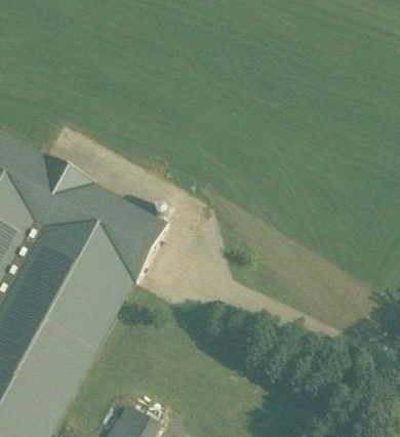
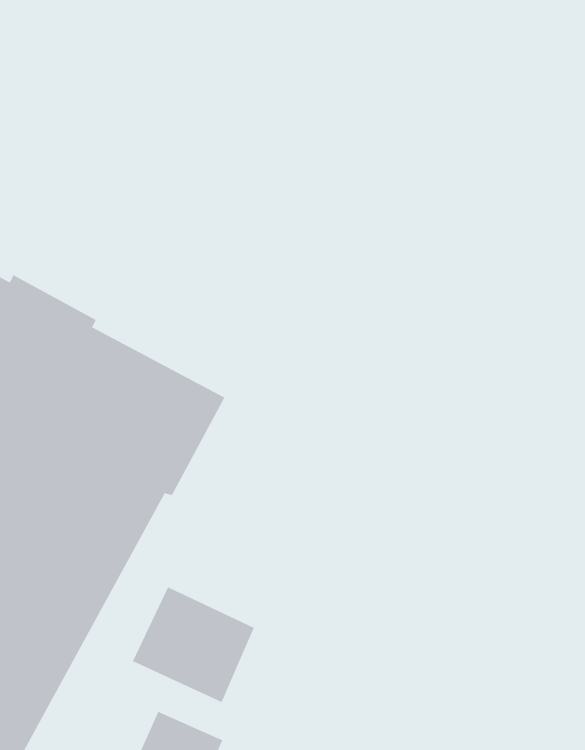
building: none -> [132,586,255,703]

